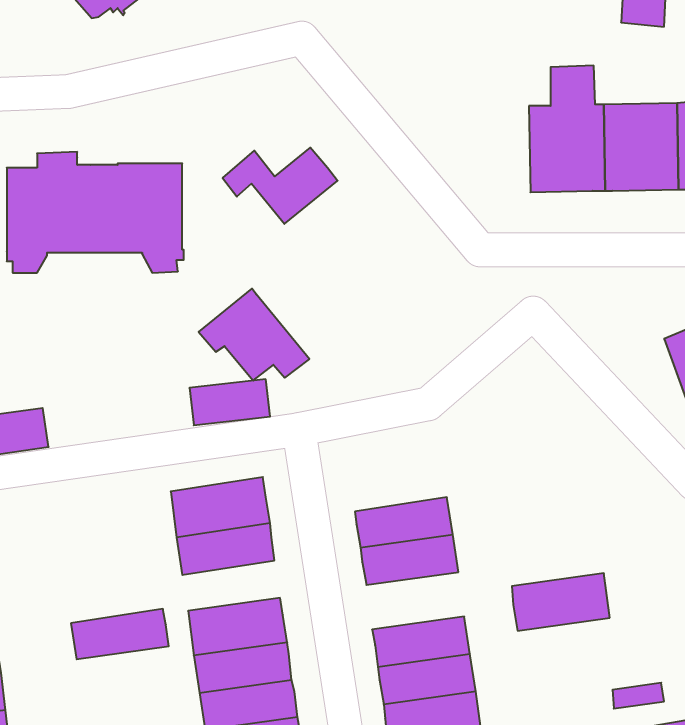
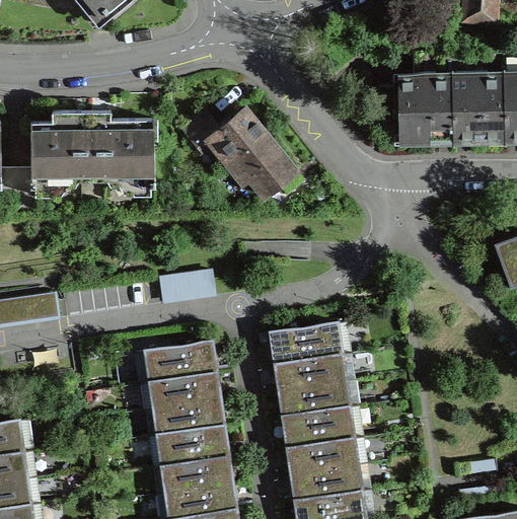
building: [199,289,309,381] -> [226,131,304,196]
building: none -> [271,321,341,364]
building: [512,573,610,631] -> [284,406,353,447]
building: [71,609,169,659] -> [154,398,223,434]

